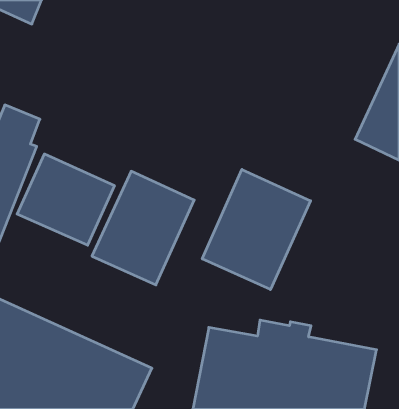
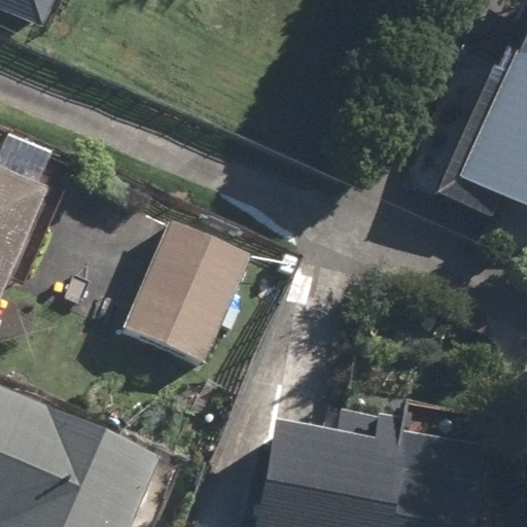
building: [17,154,114,245] -> none
building: [202,169,311,290] -> none

